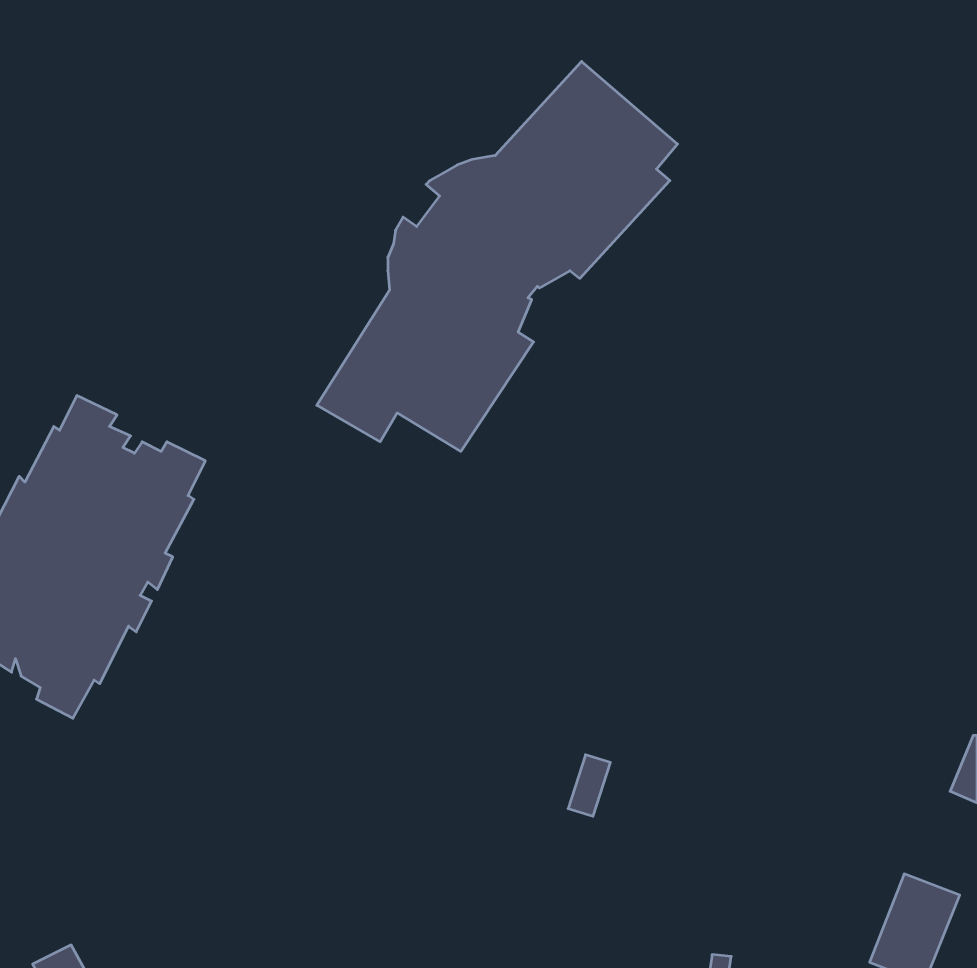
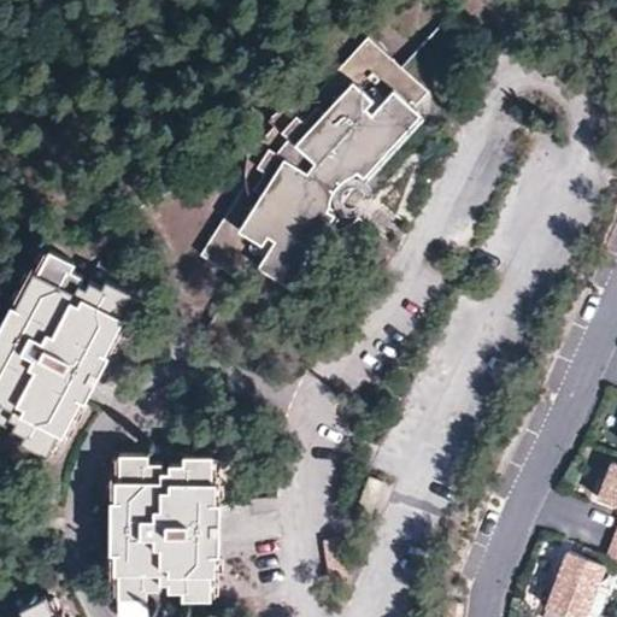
building: none -> [111,459,222,603]

